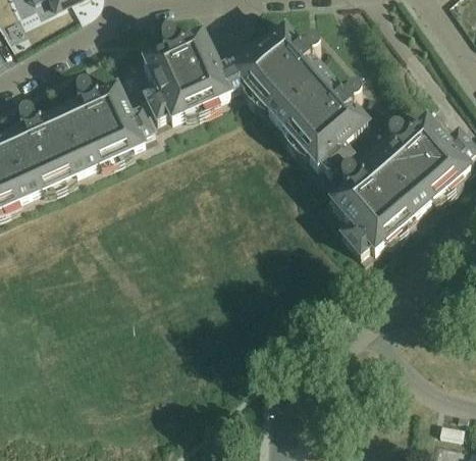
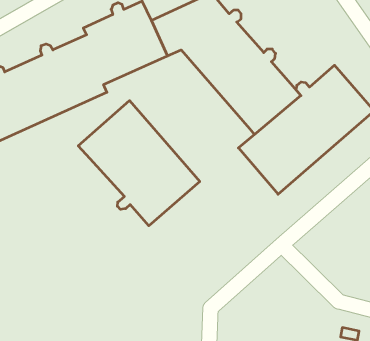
building: none -> [78,101,200,226]

